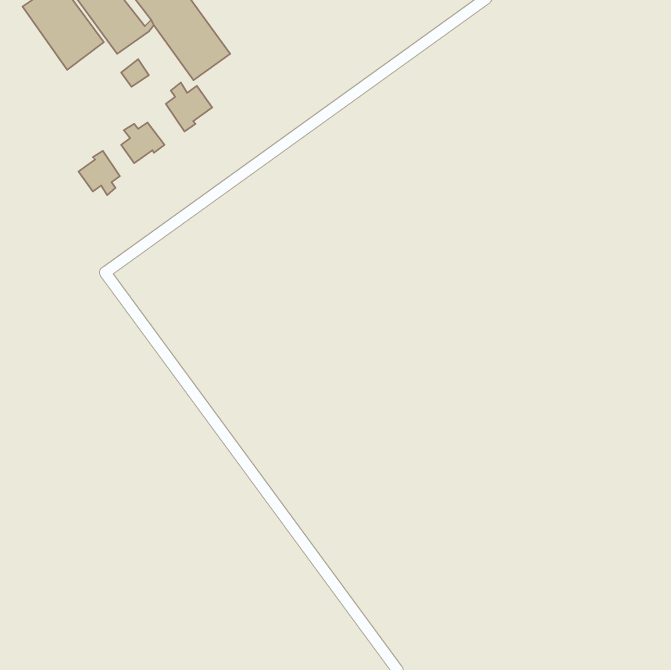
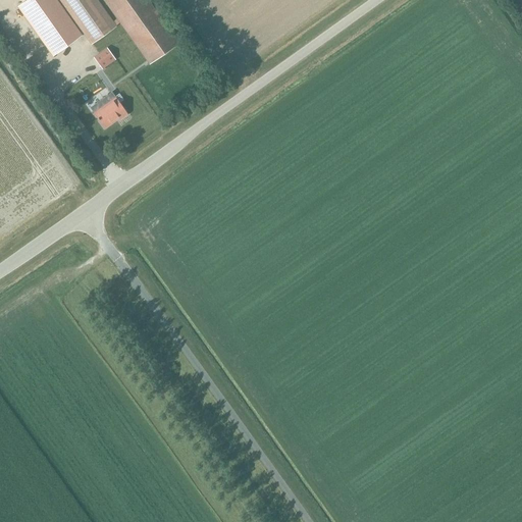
building: [166,82,212,131] -> none
building: [79,151,120,195] -> none

